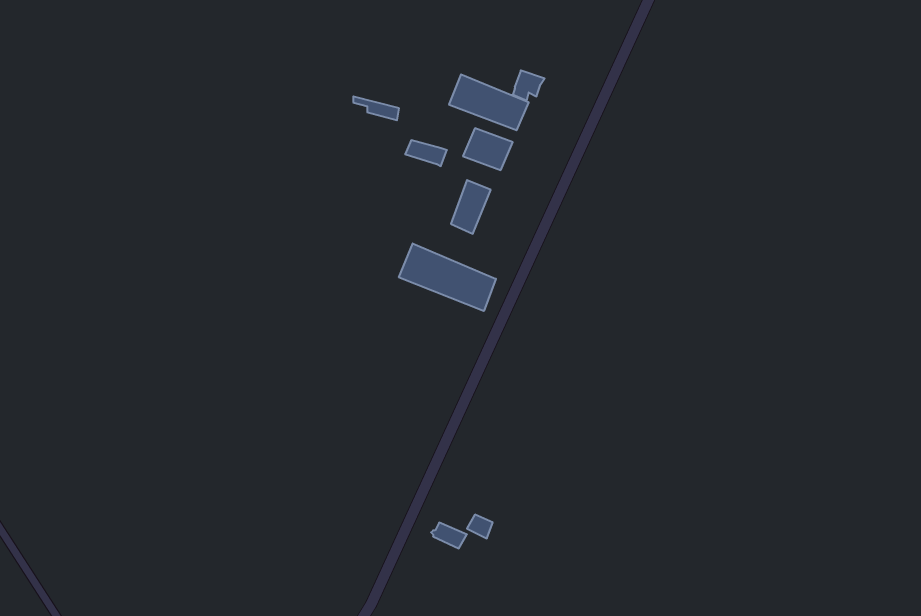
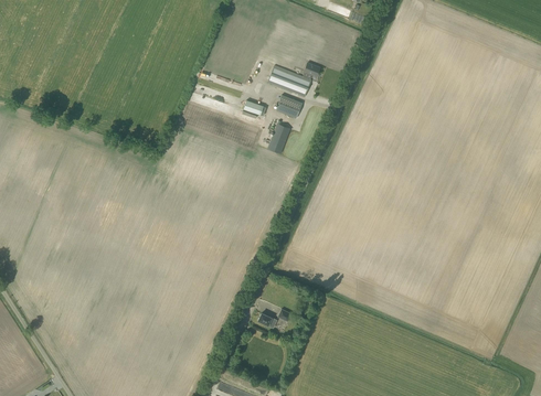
building: [399,243,496,311] -> none

